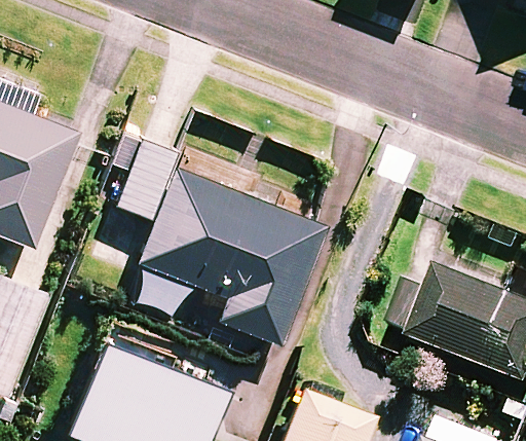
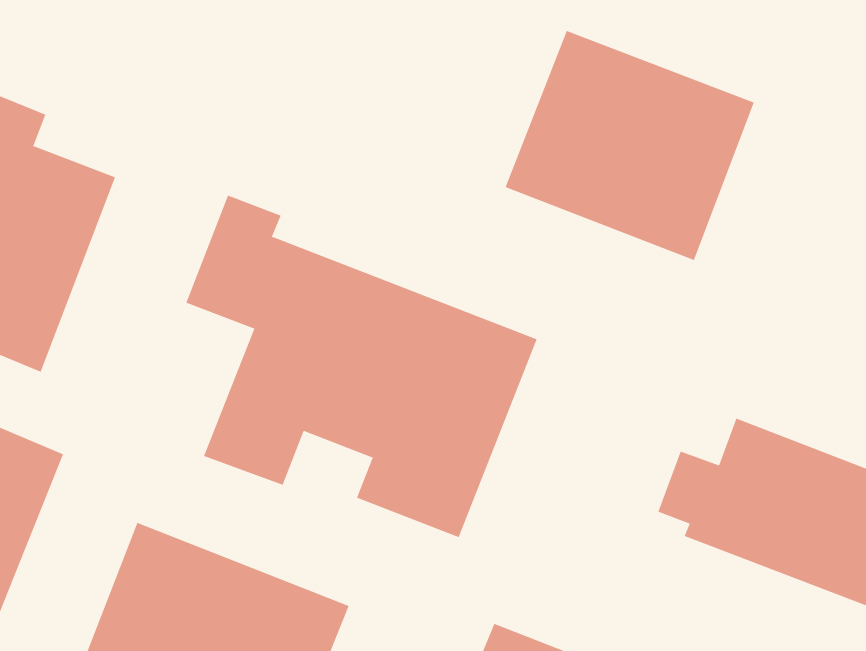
building: none -> [505,30,755,261]

